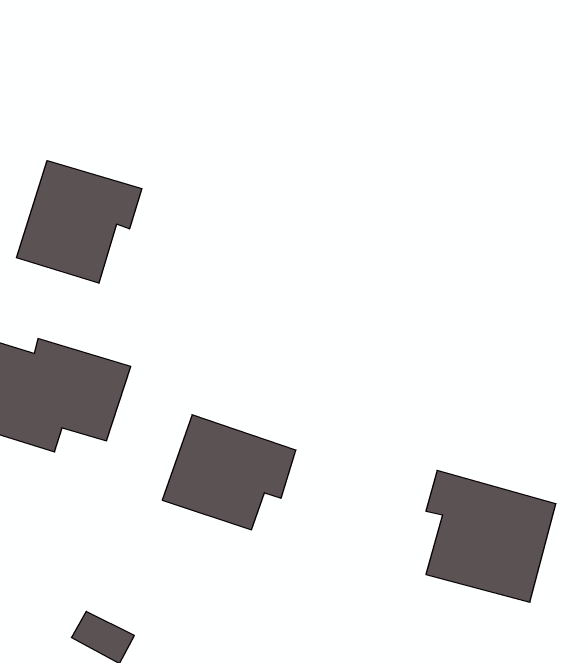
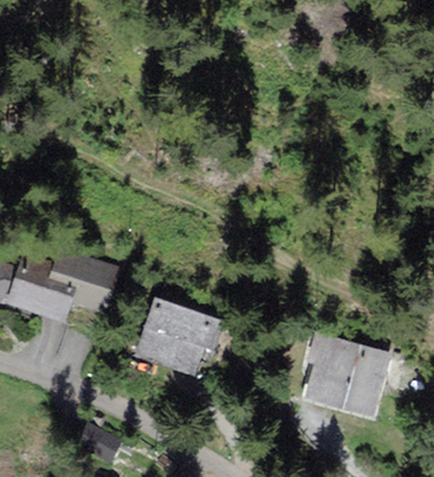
building: [17,161,142,283] -> none

